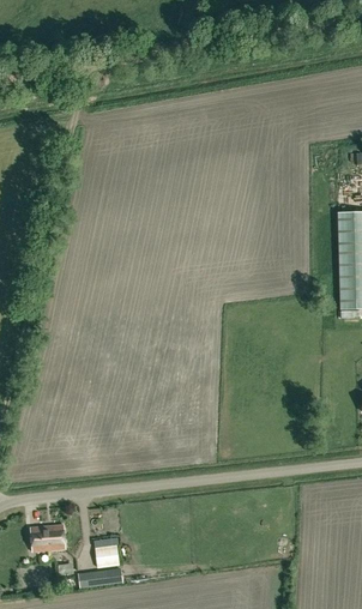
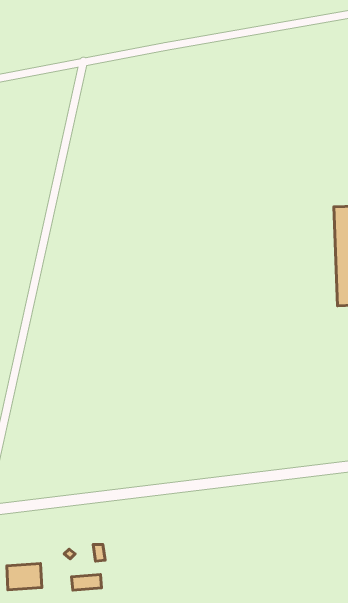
building: [29,524,64,550] -> [7,563,42,590]

